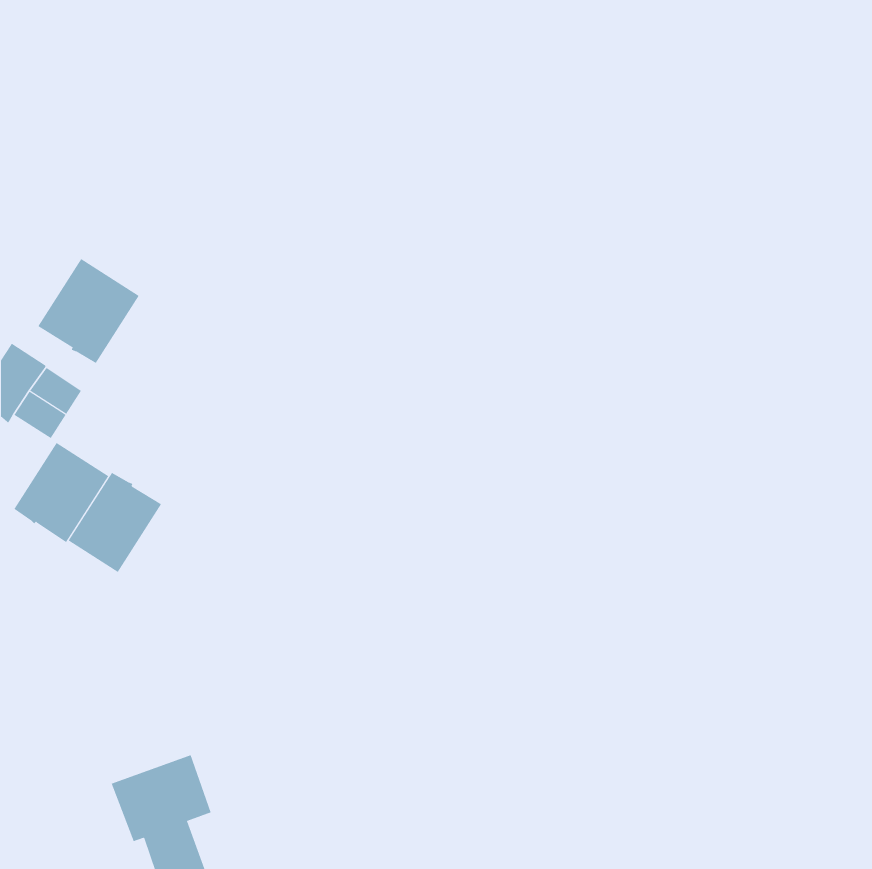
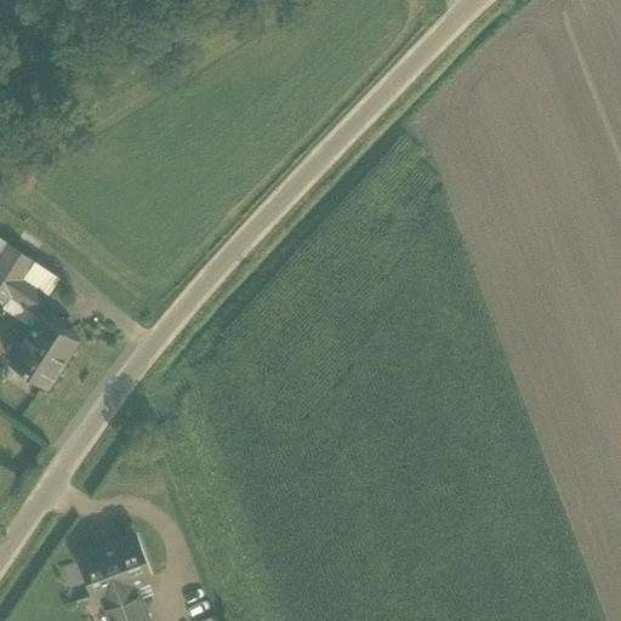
building: [37,258,140,364] -> none
building: [68,472,162,573] -> none

